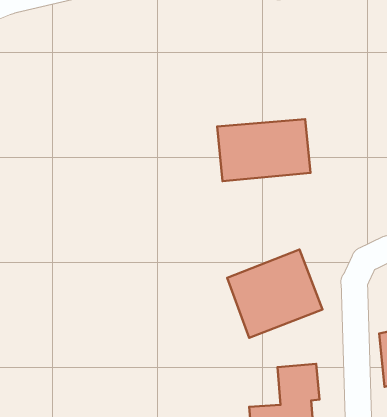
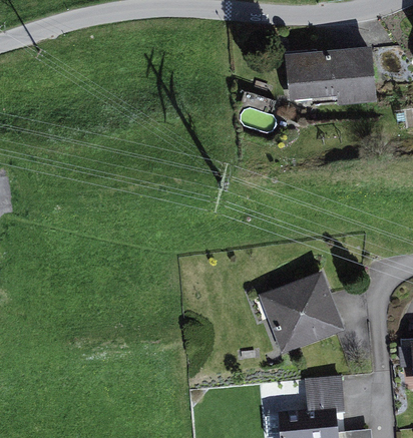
building: [217,119,311,181] -> [286,52,375,111]

